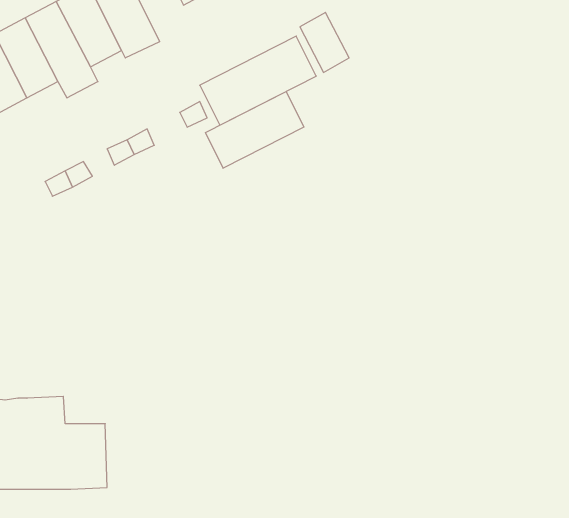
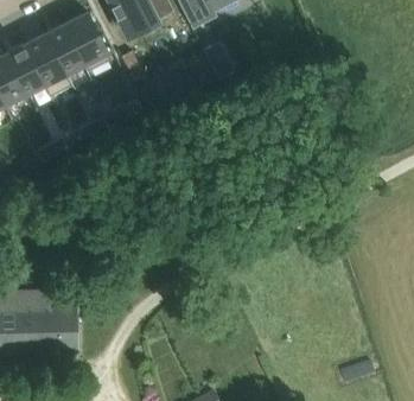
building: [205,91,304,168] -> none

